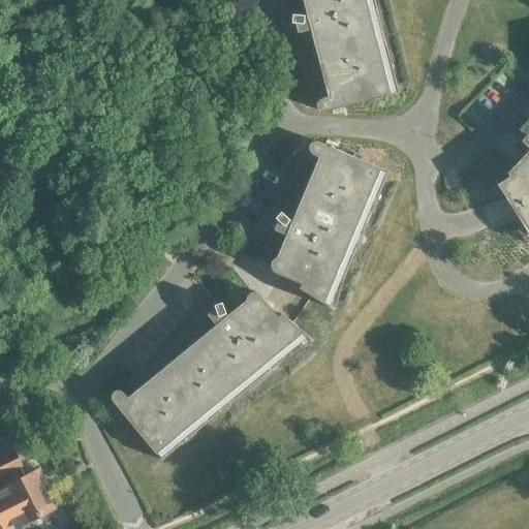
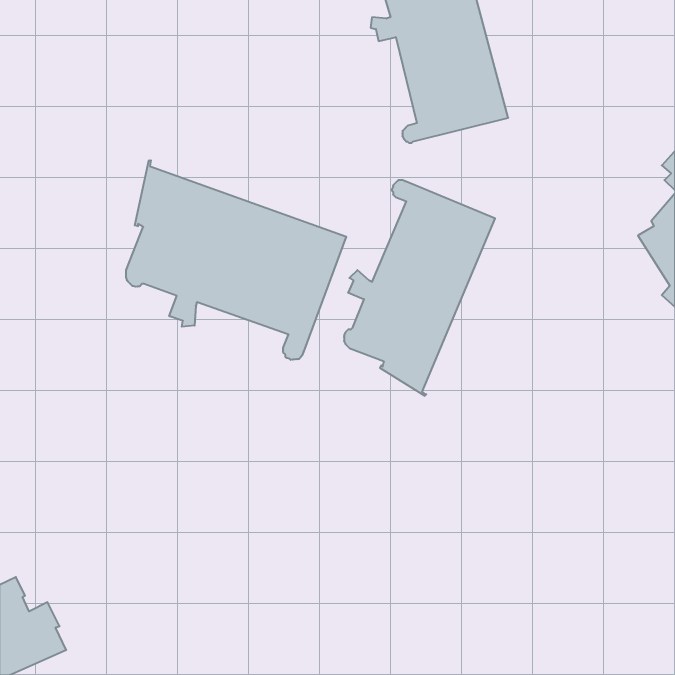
building: none -> [126,160,346,360]
building: [110,291,311,460] -> none

